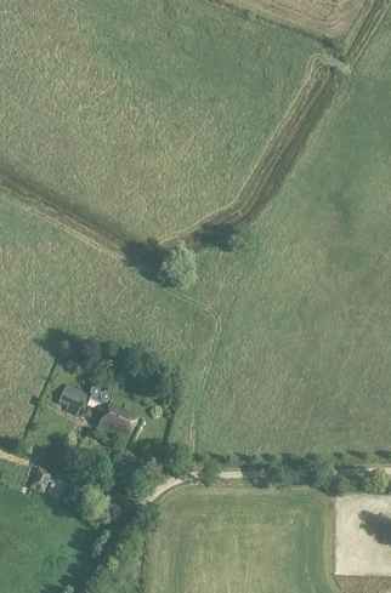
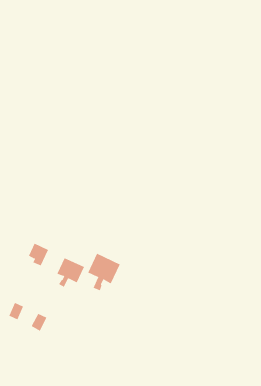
building: none -> [87,253,120,291]

